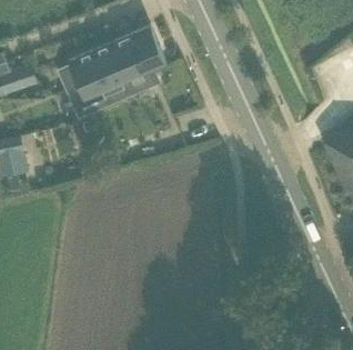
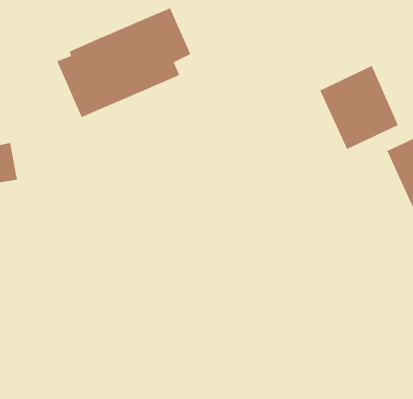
building: none -> [319,65,398,150]

